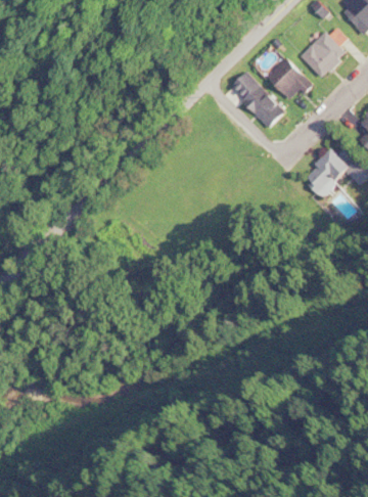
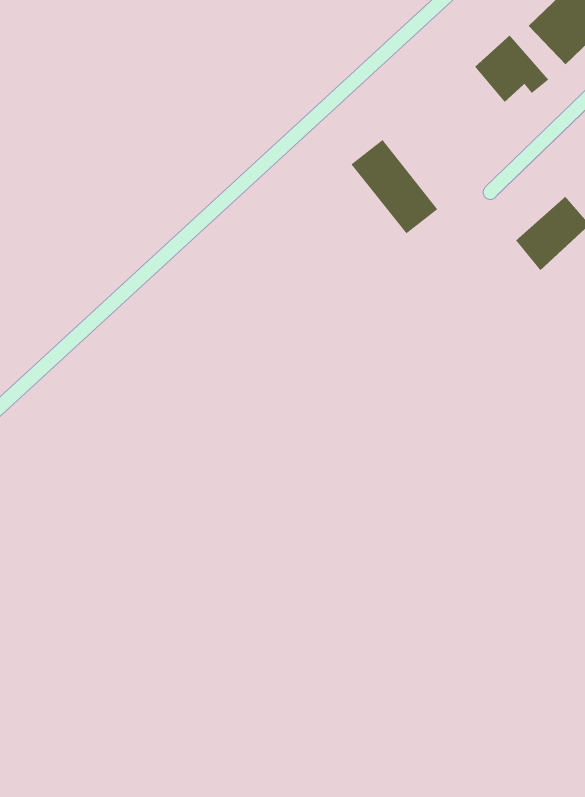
building: [234,74,284,128] -> [351,139,438,234]

